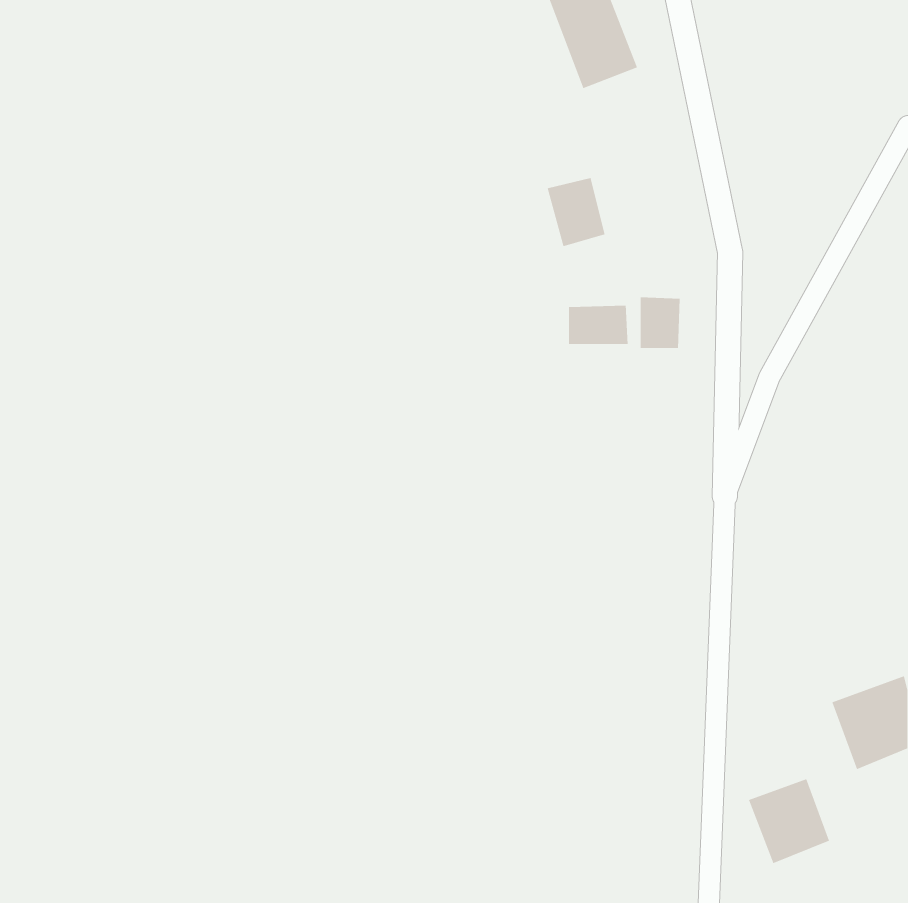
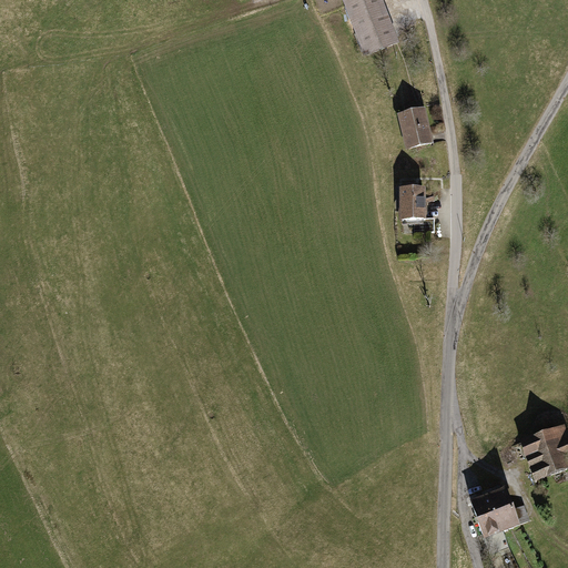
building: [547,178,605,247] -> [396,105,433,149]
building: [569,305,628,345] -> none

